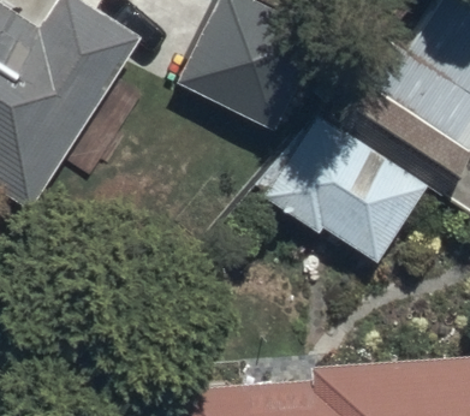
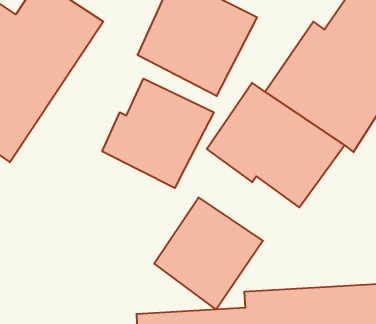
building: none -> [102,79,214,188]
building: none -> [154,197,263,310]

